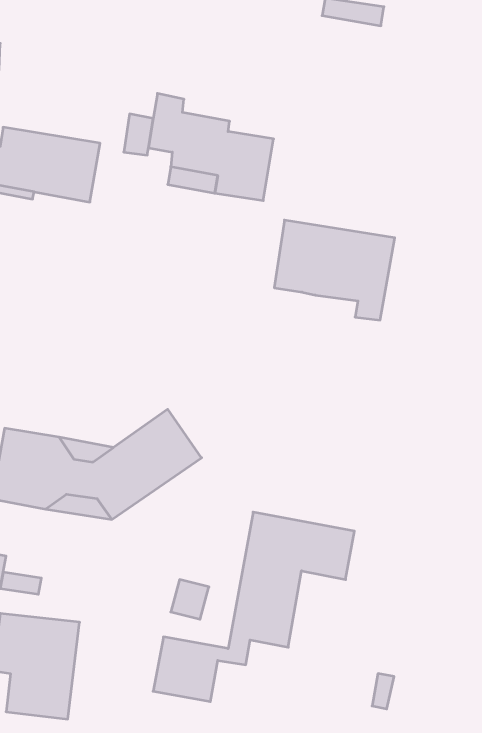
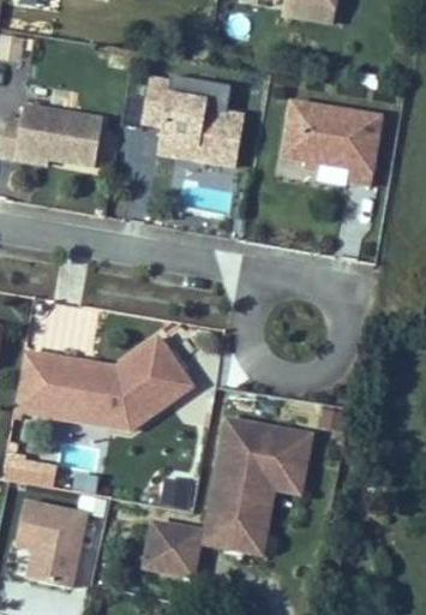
building: [274,220,395,320] -> [284,101,383,183]
building: none -> [223,467,305,551]

